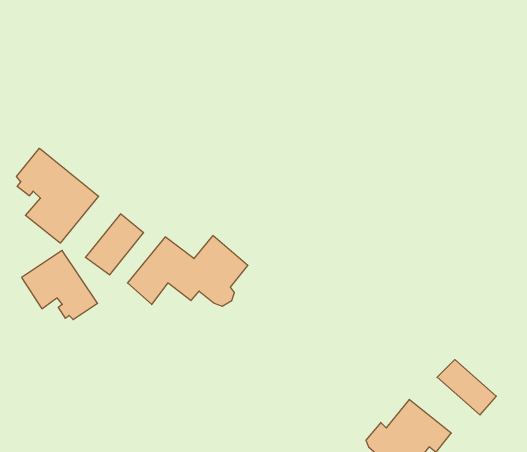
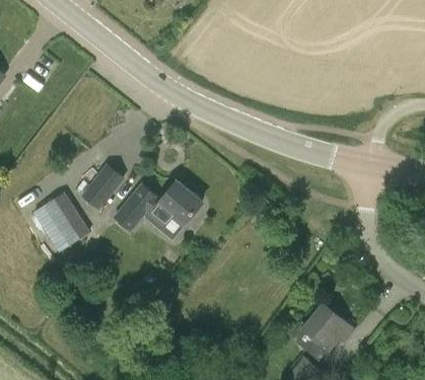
building: [17,148,99,243] -> none
building: [437,360,496,415] -> none

